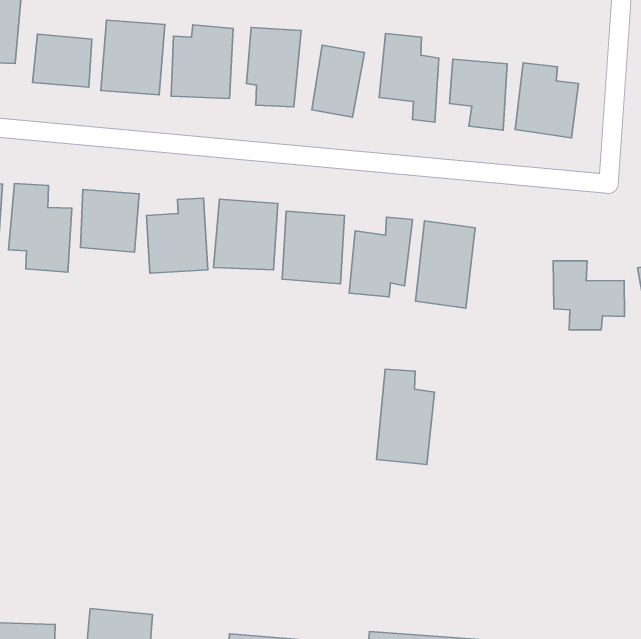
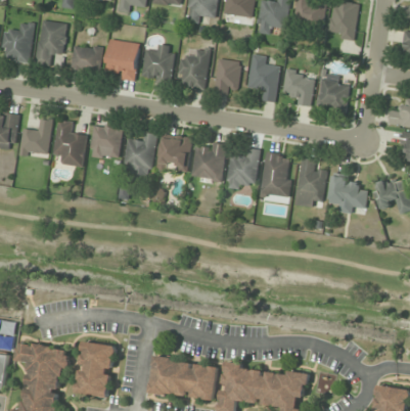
building: [377,369,435,464] -> [294,158,326,209]

